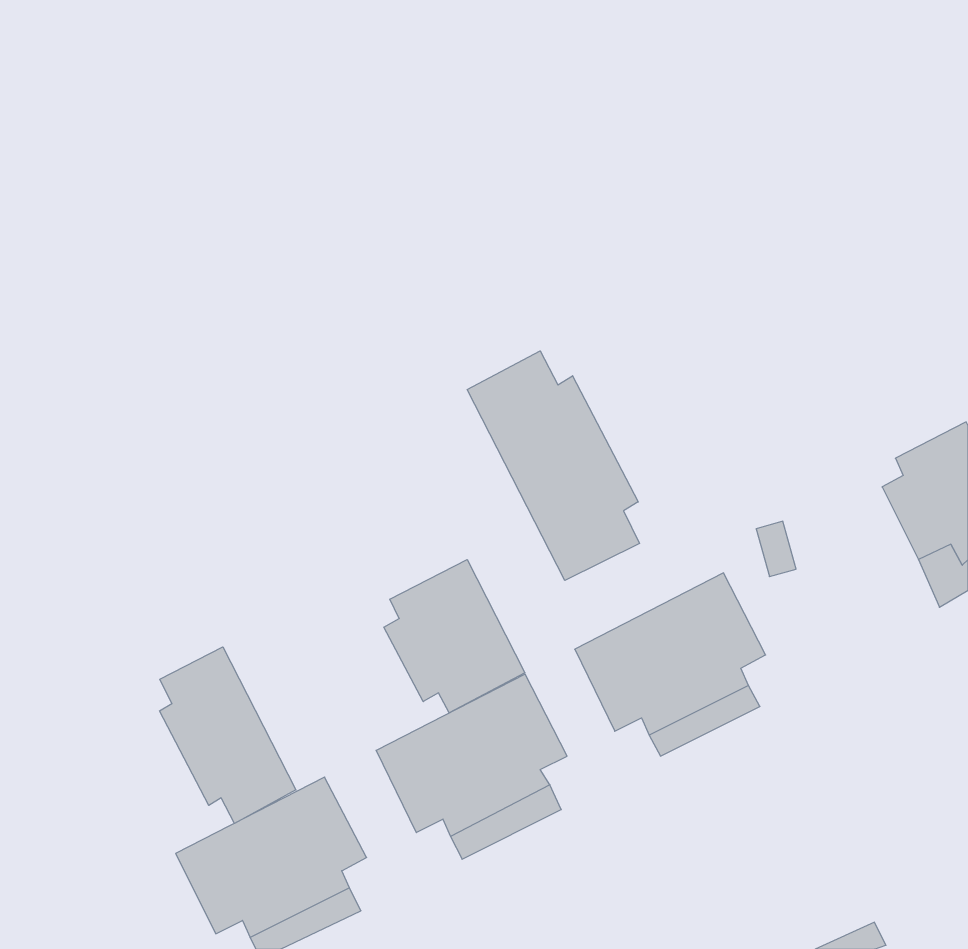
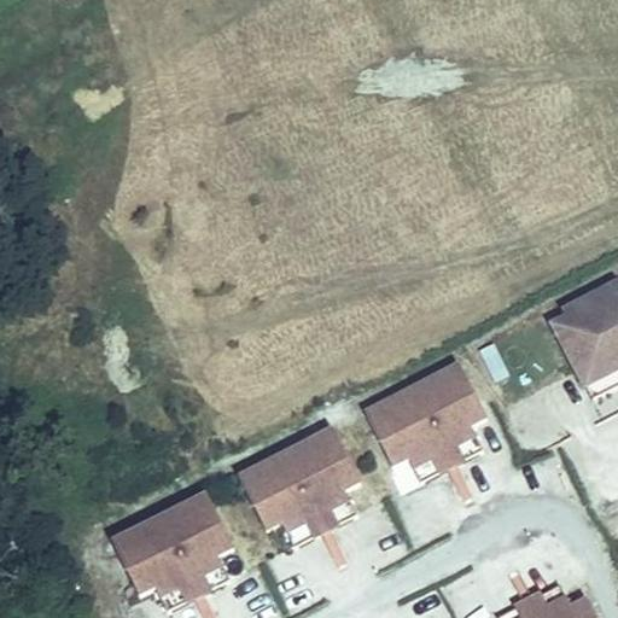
building: [467,351,640,580] -> none
building: [384,560,525,713] -> none
building: [160,647,296,823] -> none

